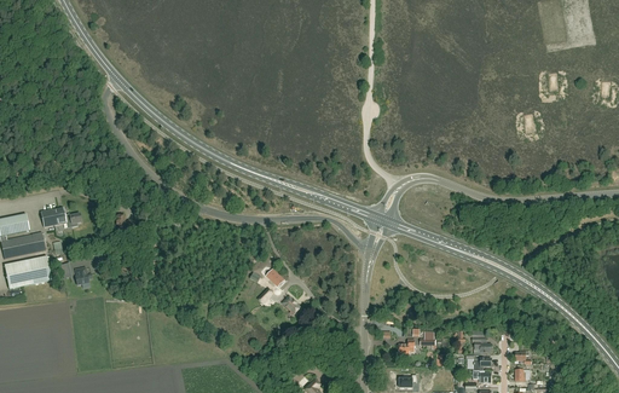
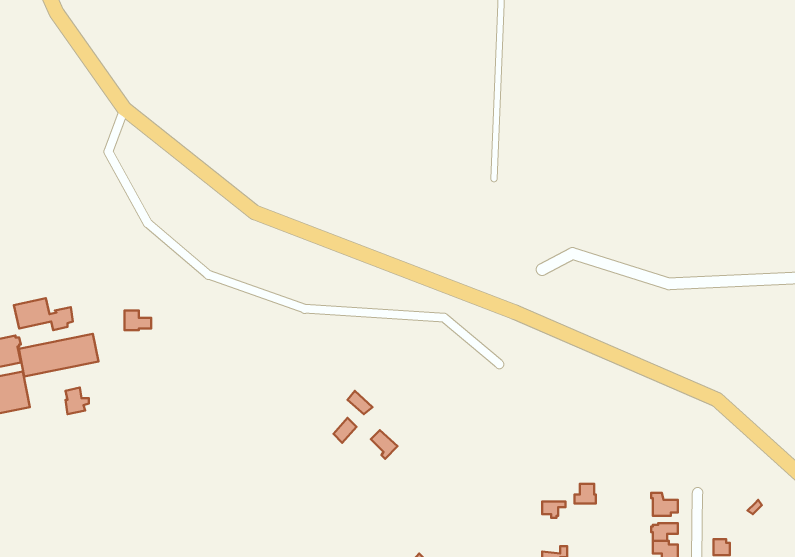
building: none -> [19,334,99,376]

